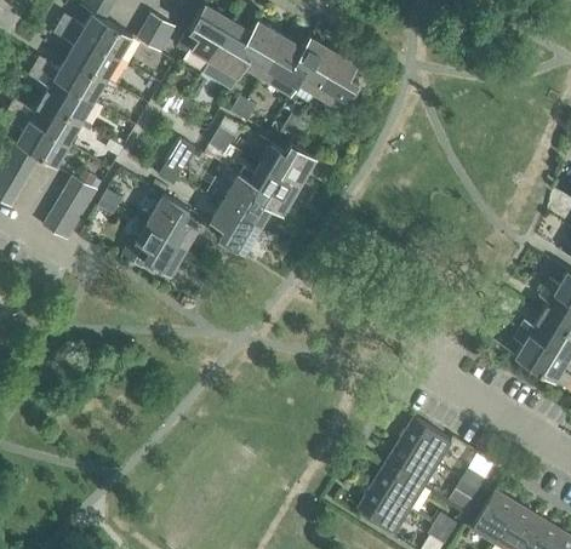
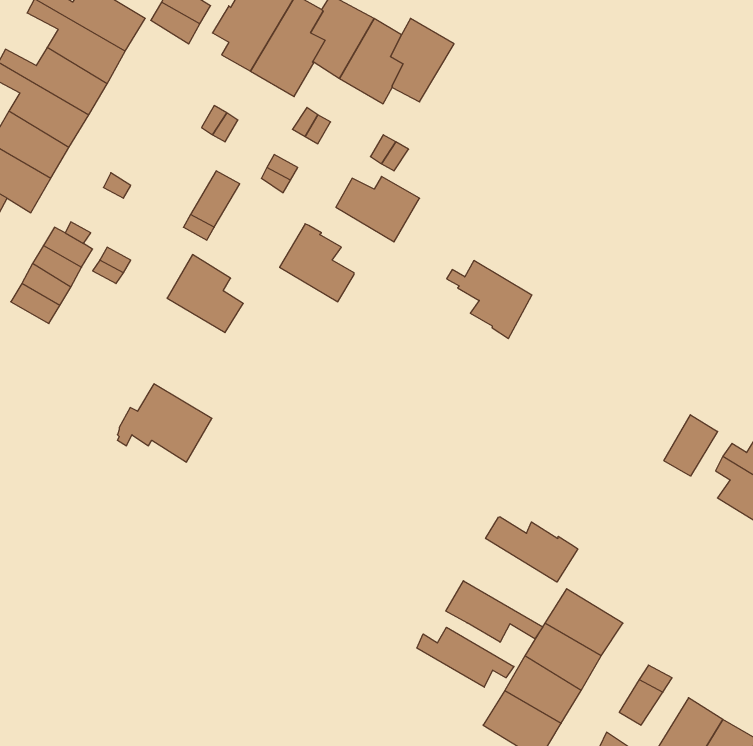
building: [315,55,359,110] -> none
building: [241,164,298,216] -> [447,261,532,339]
building: [210,204,261,255] -> none
building: [122,224,185,276] -> [117,384,212,462]
building: none -> [664,415,718,476]
building: none -> [486,517,578,582]
building: none -> [446,581,543,642]
building: none -> [417,627,514,687]

